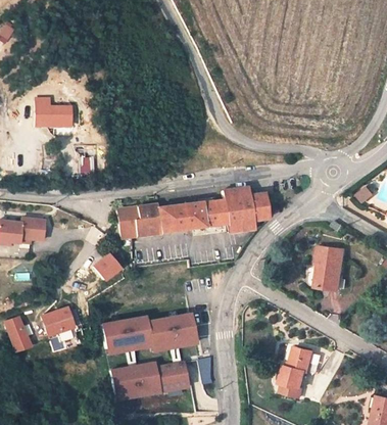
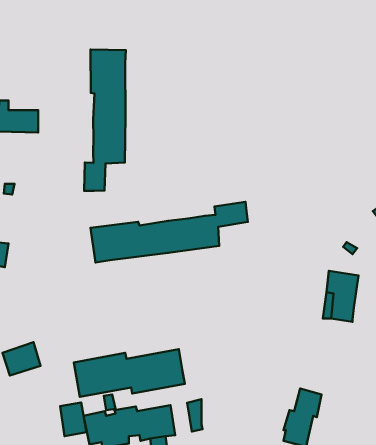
building: none -> [84,50,126,191]
building: [225,192,268,232] -> none
building: [95,254,124,282] -> none
building: none -> [60,402,86,436]

